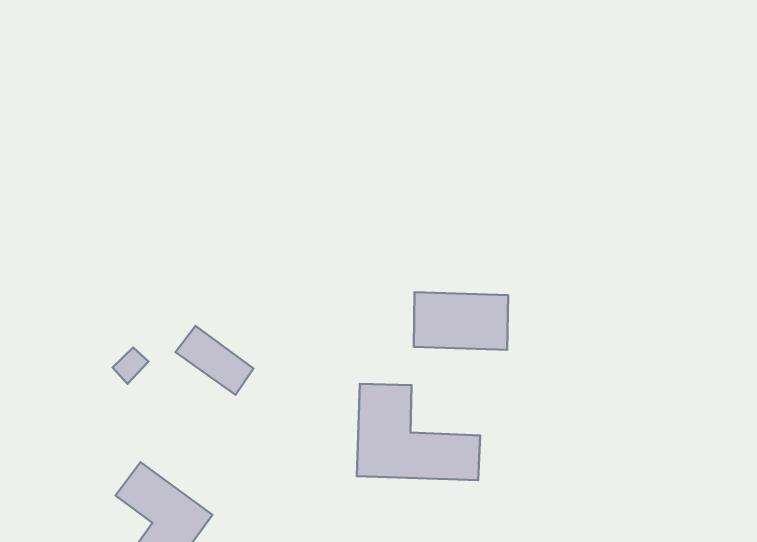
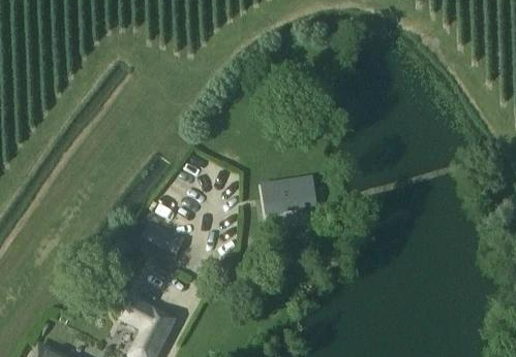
building: [357,384,480,480] -> none

